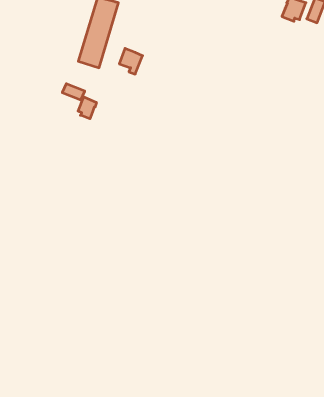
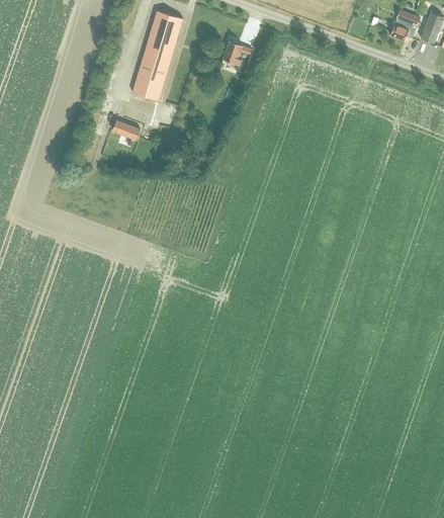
building: [119,48,143,74] -> [223,39,252,72]
building: [78,97,96,119] -> none

